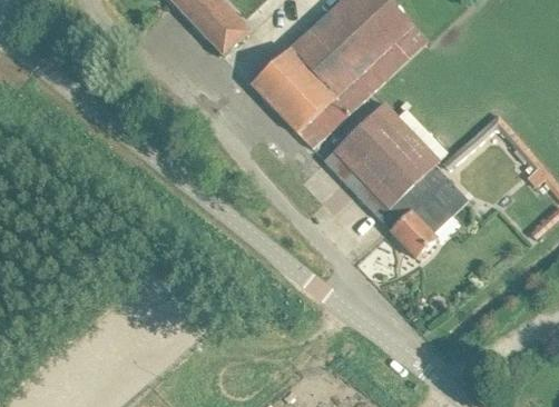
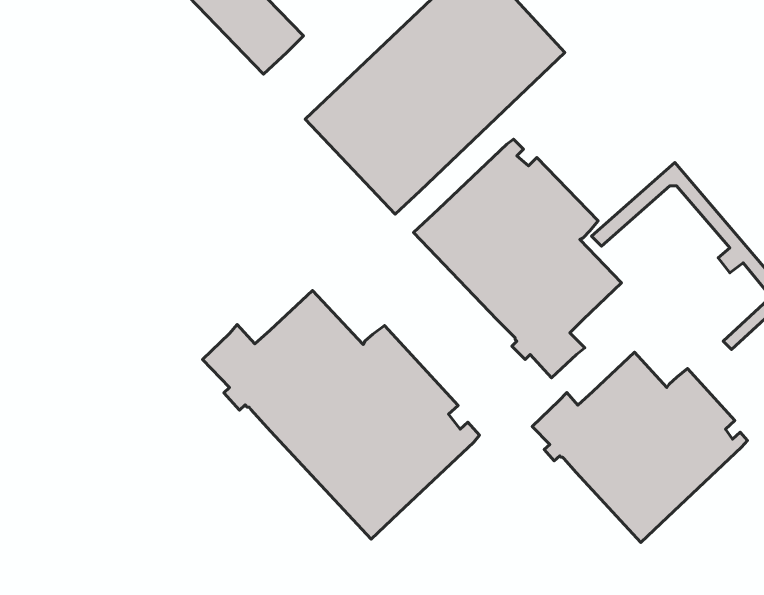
building: none -> [202,290,479,539]
building: none -> [532,352,747,543]

